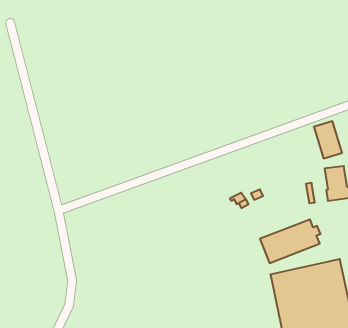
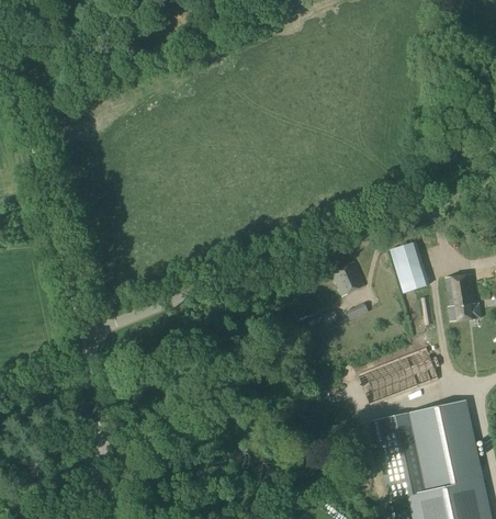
building: [314,121,342,158] -> [388,242,427,293]
building: none -> [330,262,363,296]

